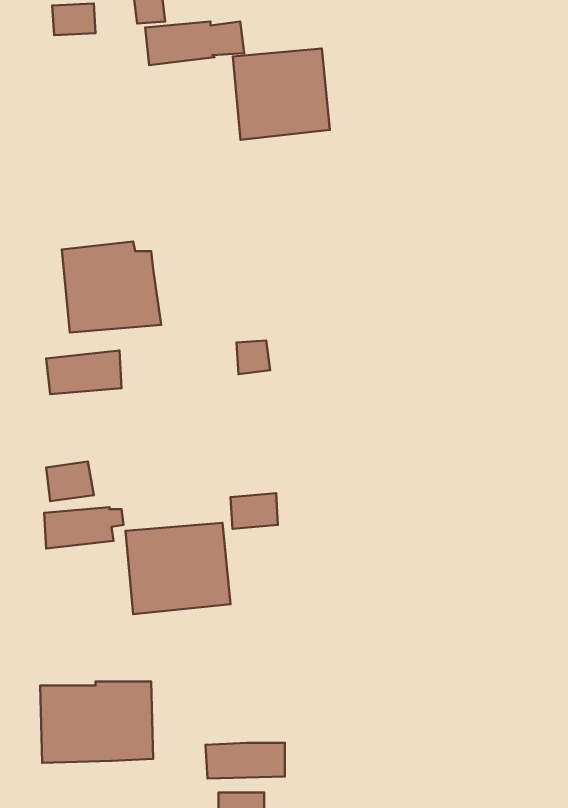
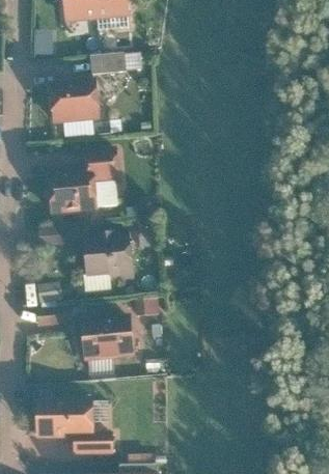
building: [233,49,330,140] -> [48,77,99,124]
building: none -> [82,146,119,182]
building: none -> [82,229,133,281]
building: [205,743,285,779] -> [72,438,113,456]

